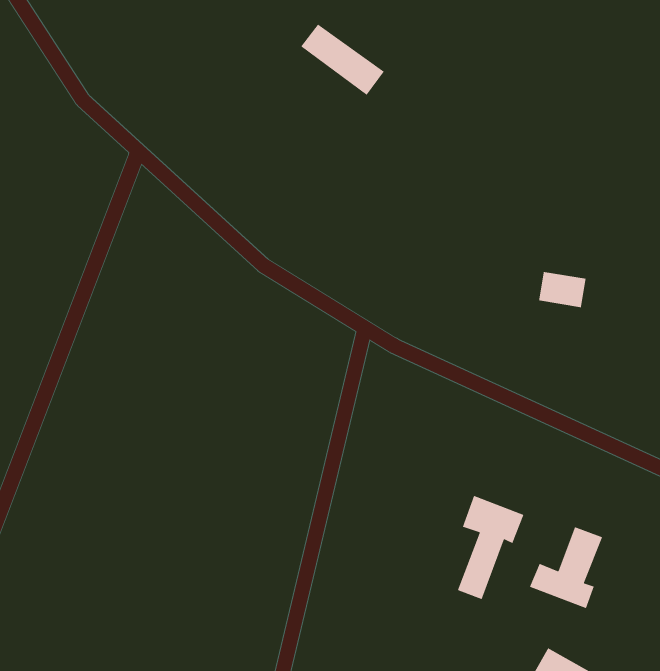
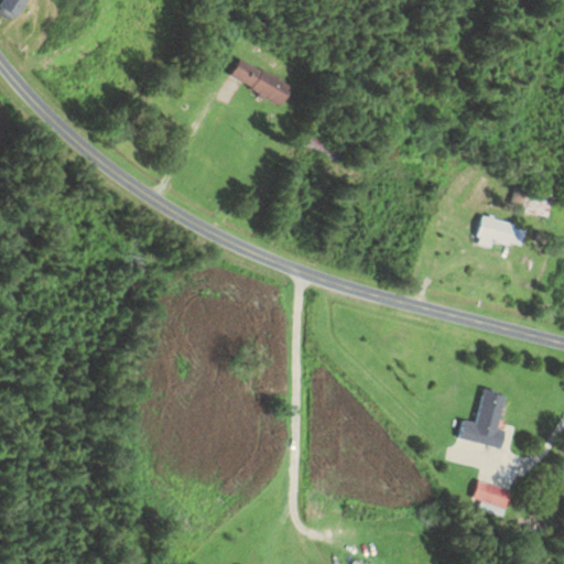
building: [538,271,586,308] -> [480,219,512,241]
building: [457,495,525,600] -> none

